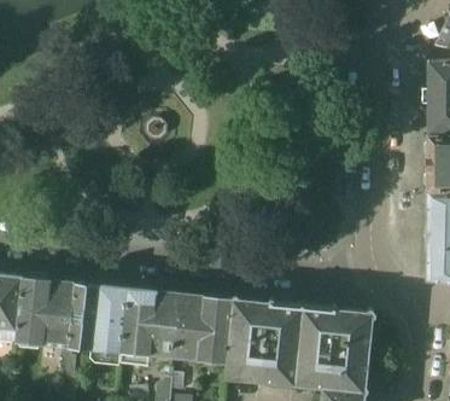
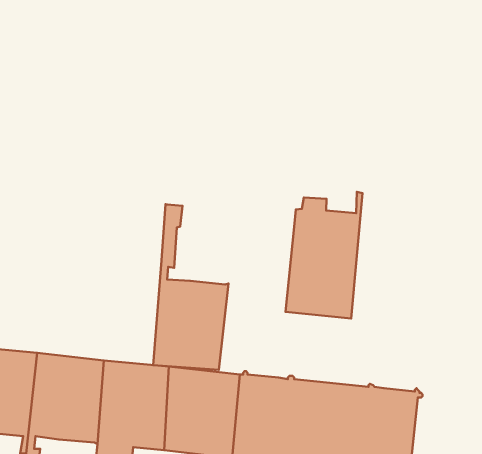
building: none -> [286,192,363,319]
building: none -> [153,204,228,370]

